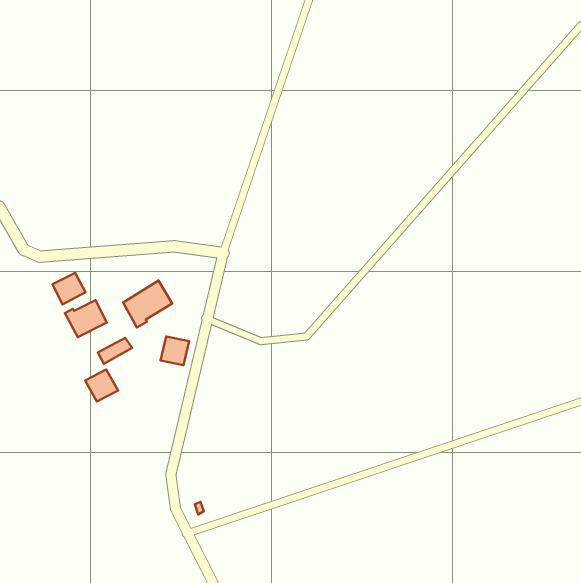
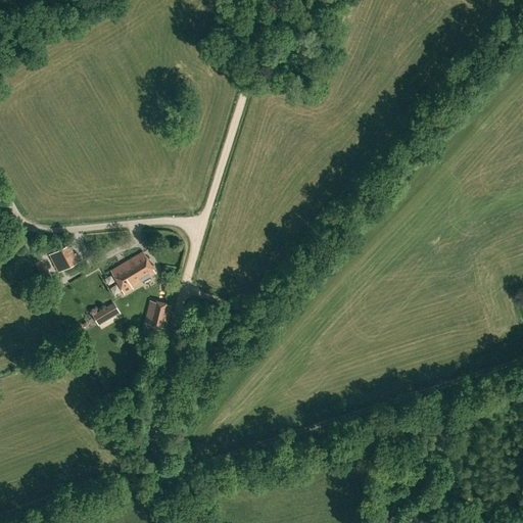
building: [65,300,107,337] -> none
building: [85,370,118,402] -> none

